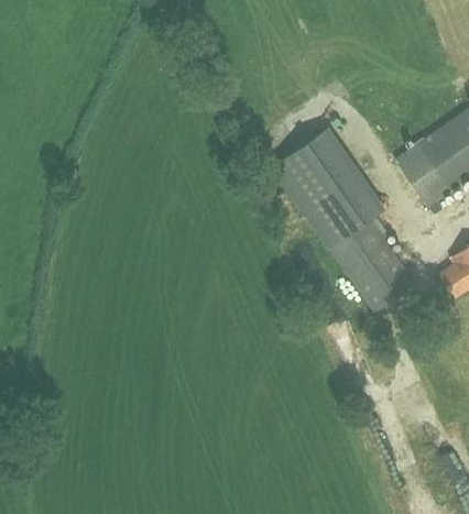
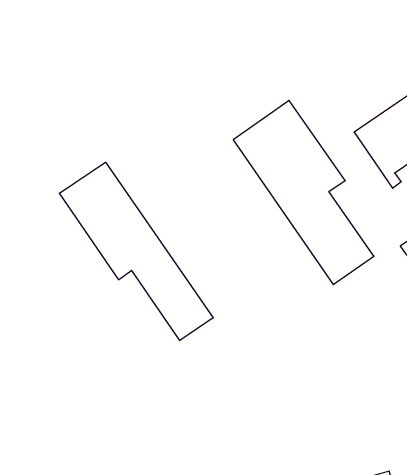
building: none -> [59,162,213,340]

